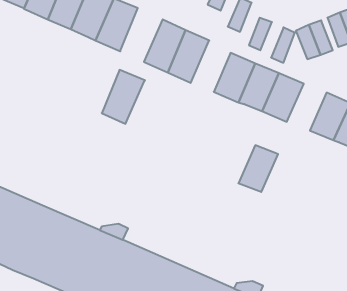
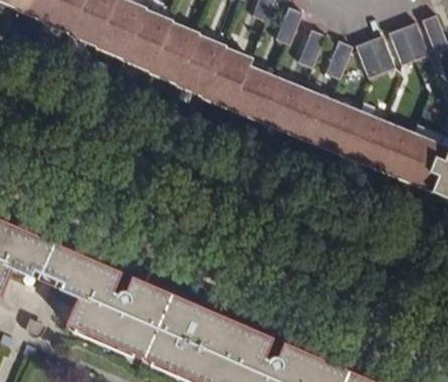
building: none -> [233,62,278,117]
building: [102,70,145,124] -> [152,21,201,83]
building: [238,145,278,192] -> [342,108,388,161]

